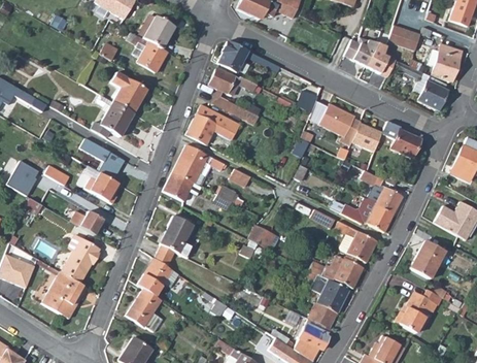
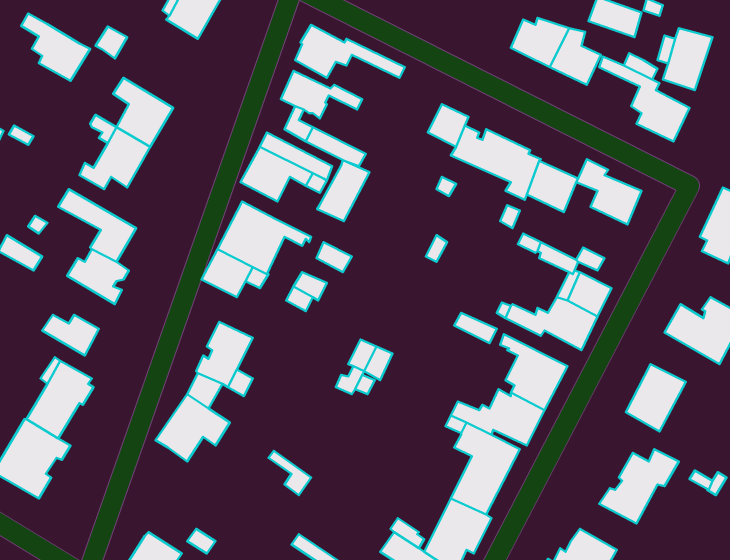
building: [128,33,168,72] -> [21,14,90,81]
building: none -> [317,160,369,221]
building: [127,289,164,332] -> none

